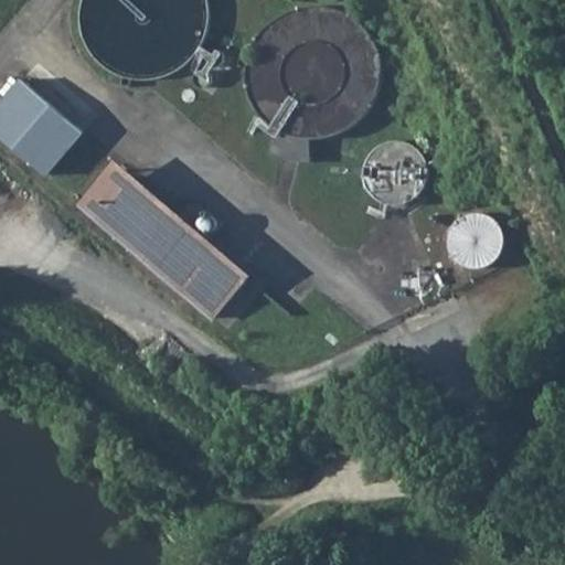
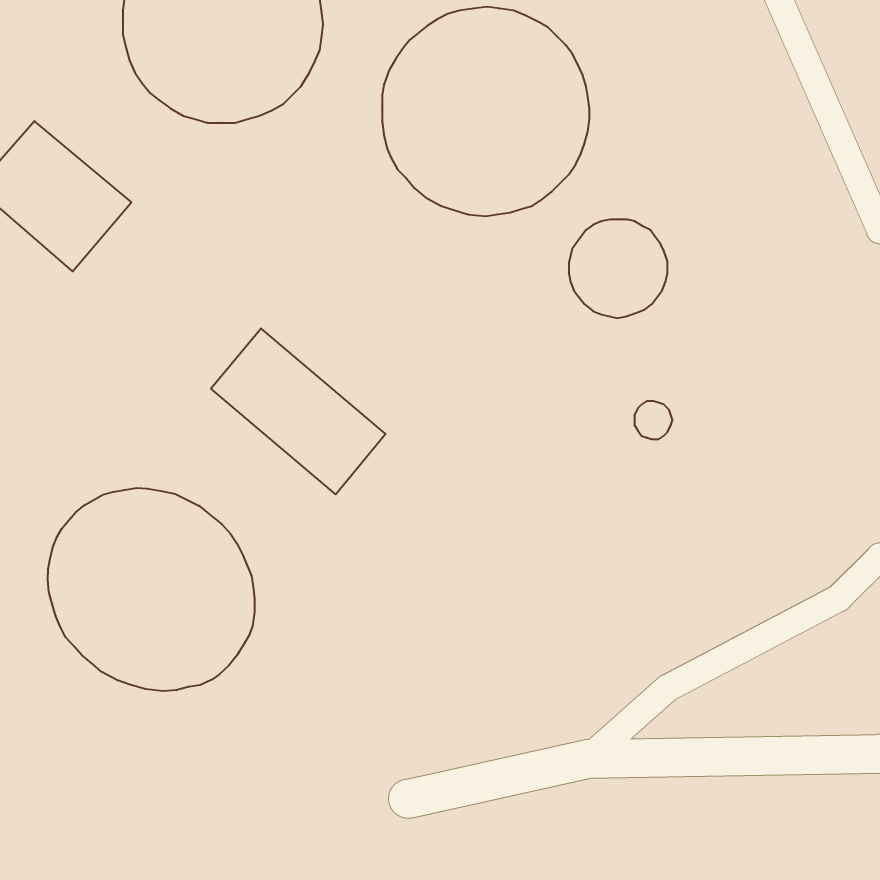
building: [85,168,167,248] -> none
building: [447,214,510,277] -> none
building: none -> [48,488,255,691]

